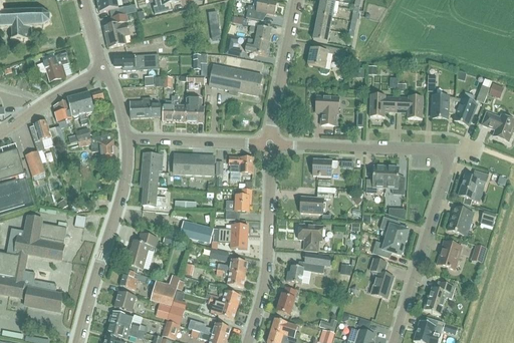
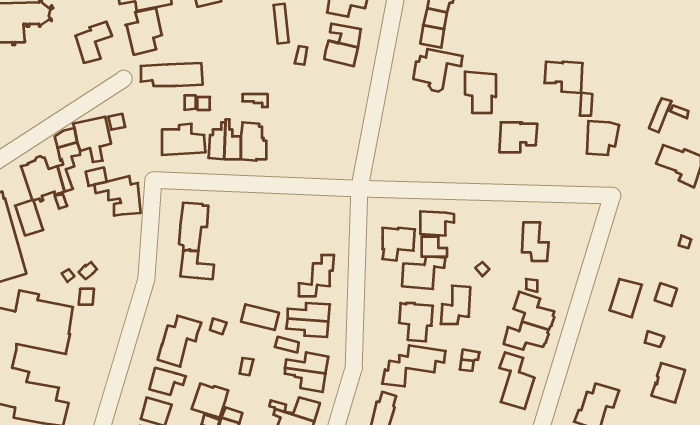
building: [42,51,68,80] -> [75,22,112,63]
building: [208,64,261,95] -> none
building: [315,95,337,124] -> [465,72,496,113]
building: [395,96,422,118] -> [544,62,583,93]
building: [451,97,475,125] -> none
building: [173,153,214,175] -> none
building: [229,156,252,180] -> [382,228,415,260]
building: [364,165,386,193] -> [441,286,470,324]
building: [457,169,487,199] -> none
building: [436,241,460,269] -> [651,363,685,403]

